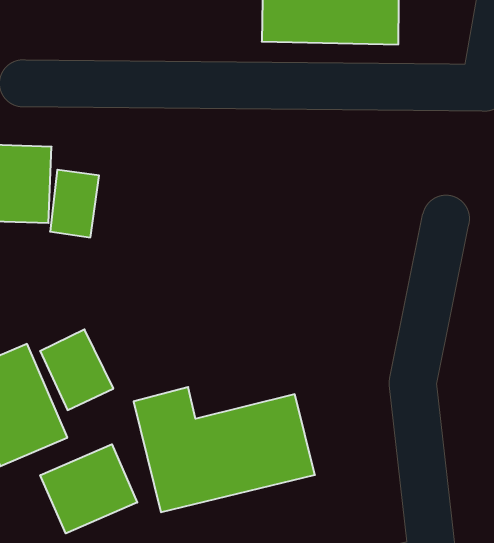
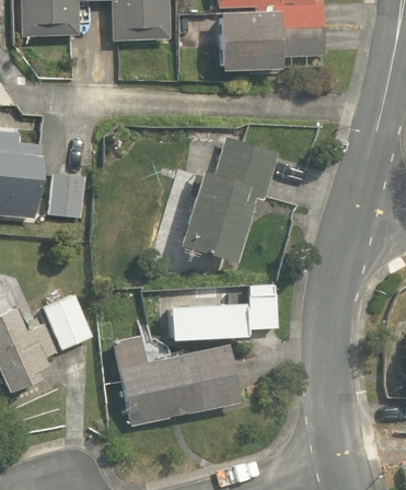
building: none -> [170,143,269,279]
building: none -> [171,284,278,340]
building: [40,444,137,533] -> none

